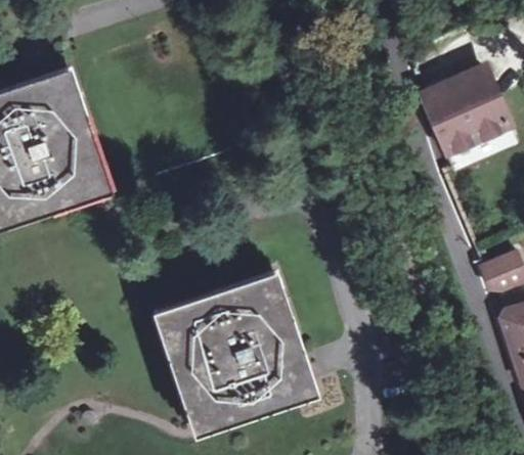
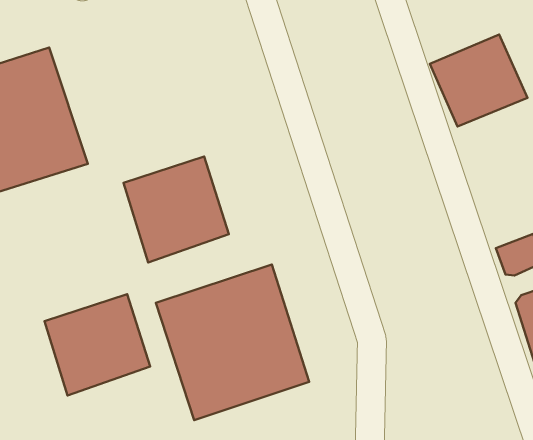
building: none -> [123,156,229,262]
building: none -> [44,294,150,395]

